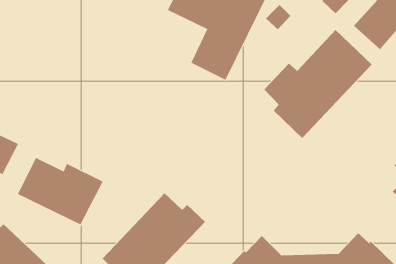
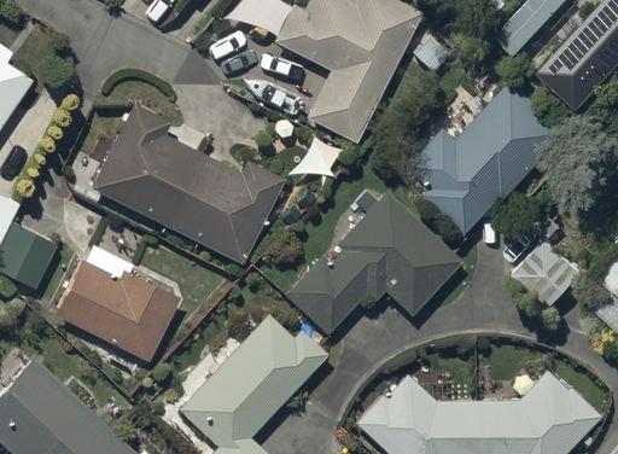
building: none -> [91,105,282,262]
building: none -> [285,190,462,333]
building: none -> [512,211,583,309]

